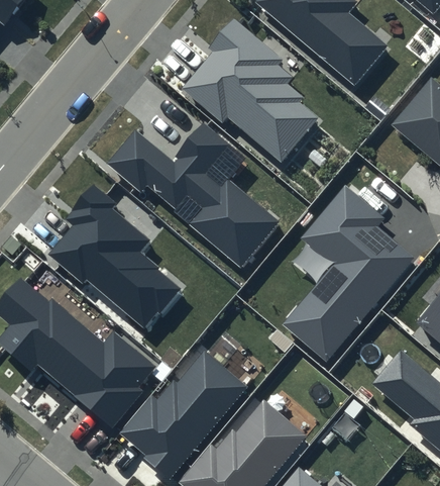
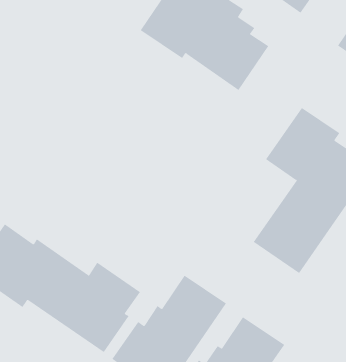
building: [107,120,276,264] -> none
building: [46,185,178,328] -> none

